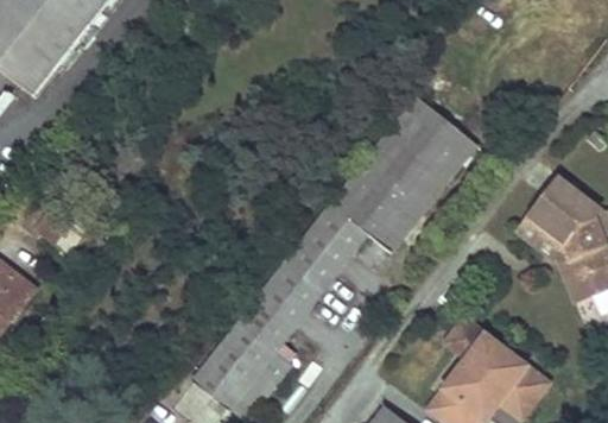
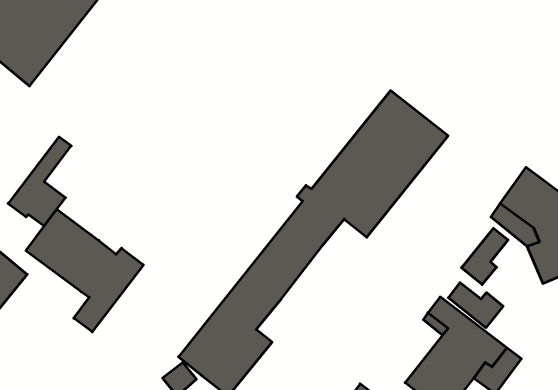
building: none -> [26,209,143,332]
building: none -> [461,228,508,285]
building: none -> [448,283,503,328]

